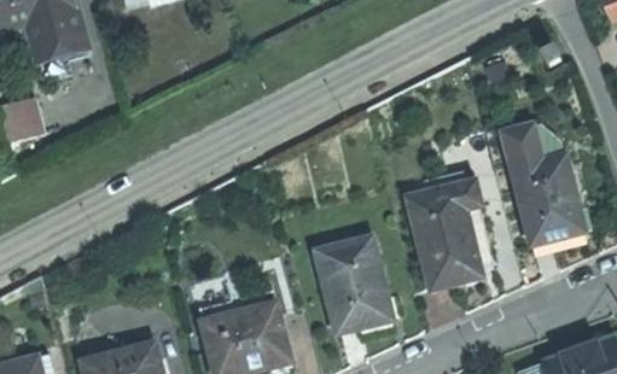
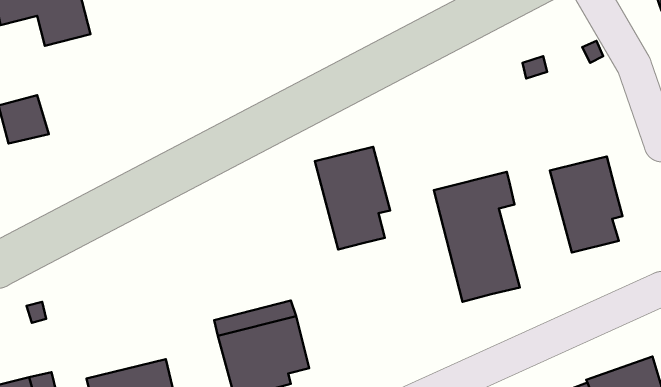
building: [502,127,540,170] -> none
building: [315,239,385,334] -> [315,147,390,250]

